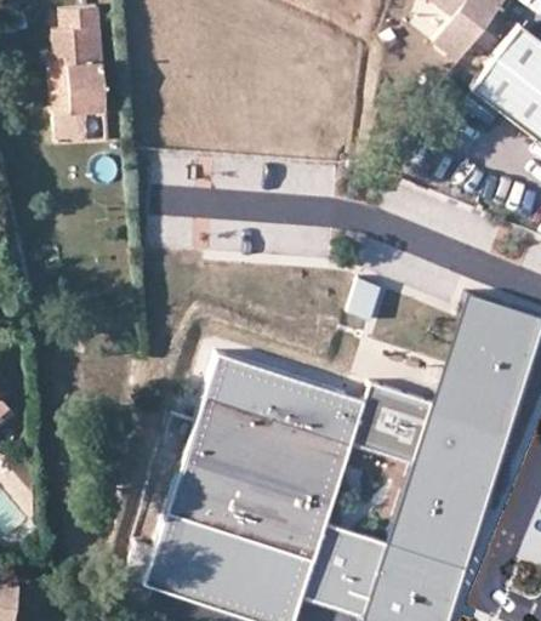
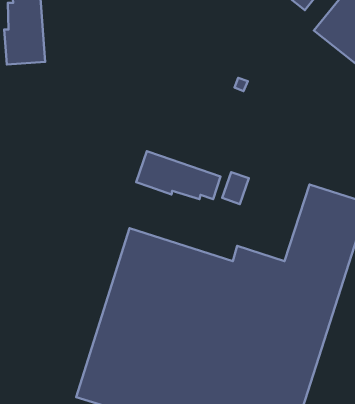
building: none -> [136,151,221,199]

